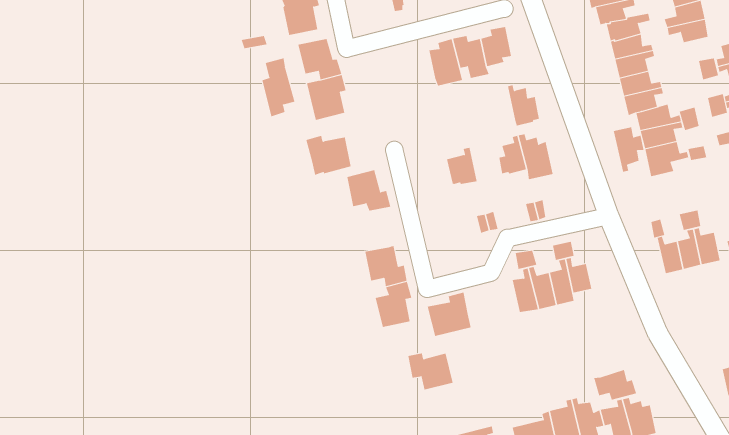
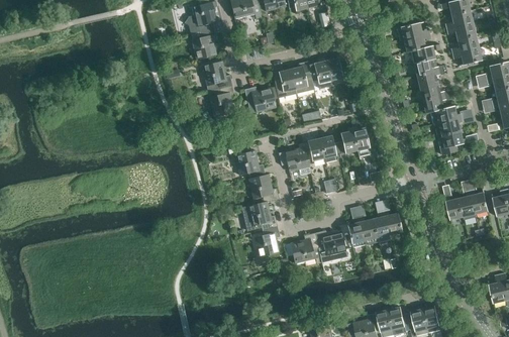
building: none -> [272,67,297,97]
building: [262,57,295,117] -> none
building: [507,85,540,126] -> [319,133,341,161]
building: [613,127,644,172] -> none
building: [305,135,352,176] -> [244,86,276,113]
building: none -> [279,142,309,171]
building: none -> [248,174,279,202]
building: [407,353,454,390] -> [315,230,346,255]
building: [594,369,637,401] -> none

